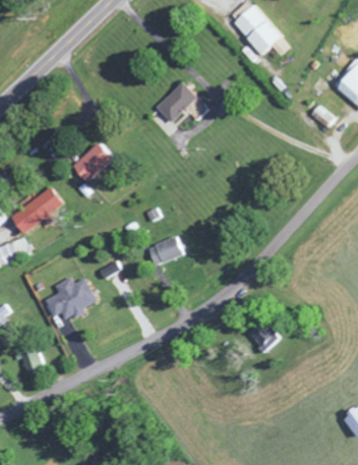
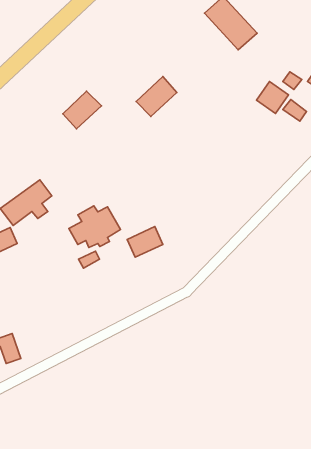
building: none -> [257,81,288,114]
building: [78,142,118,181] -> [63,91,101,129]
building: [43,276,96,318] -> [69,206,121,247]
building: [246,319,278,351] -> none

